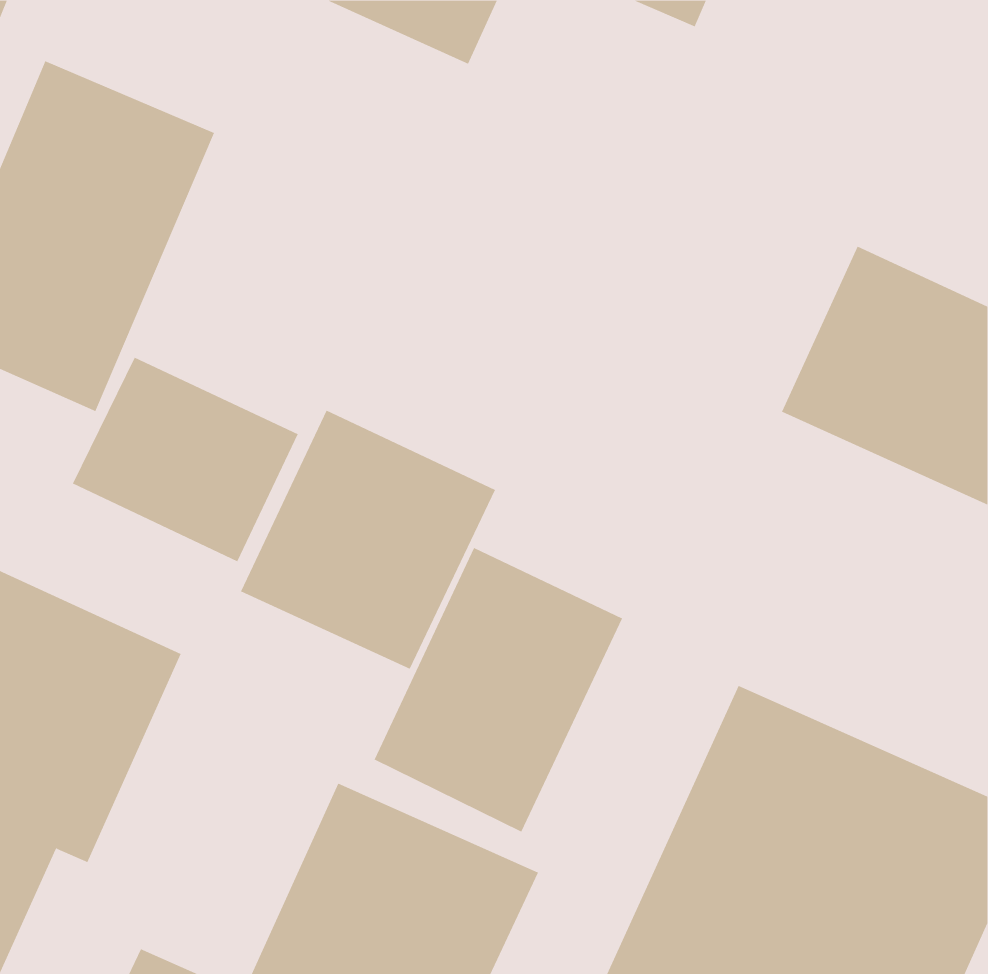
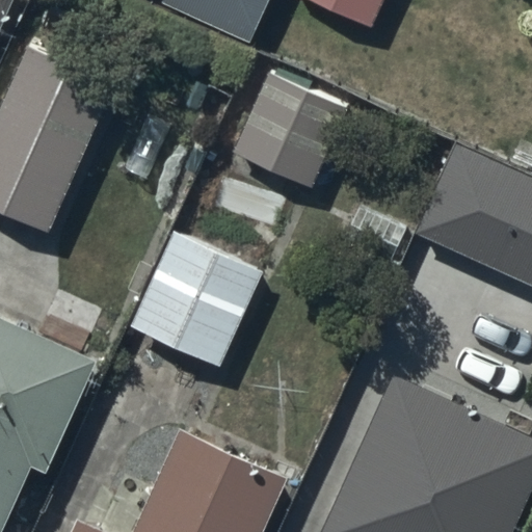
building: none -> [231,72,348,188]
building: [72,357,299,562] -> none
building: [374,547,623,832] -> none

